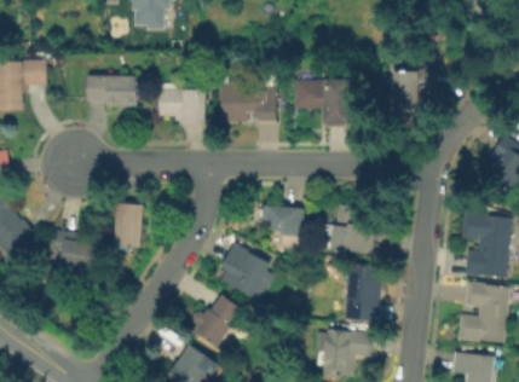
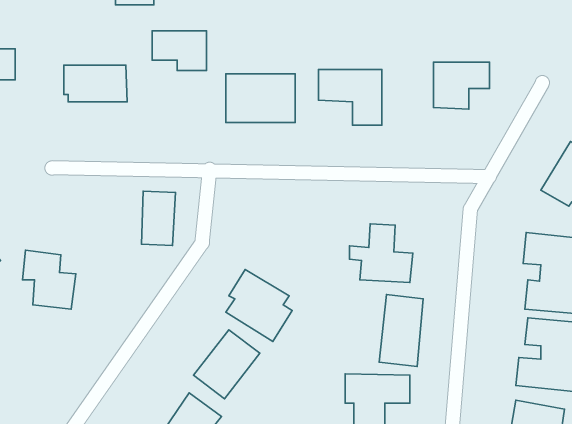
building: [160,91,204,123] -> [152,31,207,70]
building: [260,202,306,248] -> none
building: [115,203,143,248] -> [142,191,175,246]

